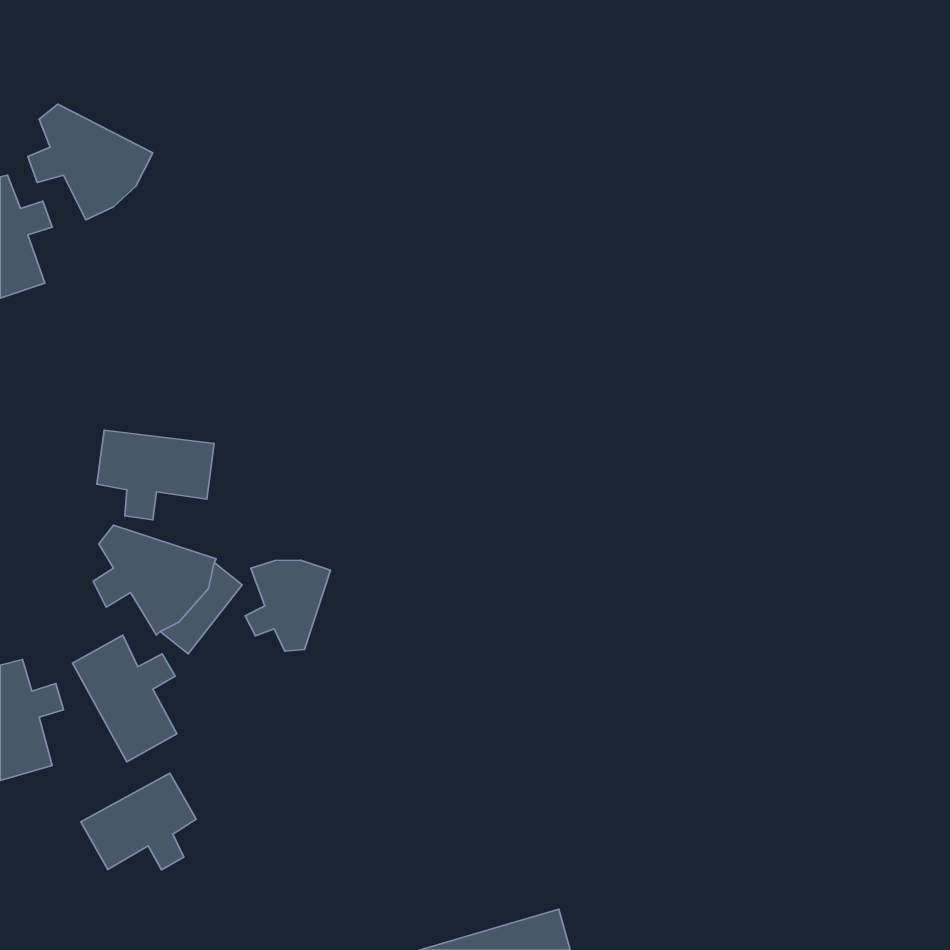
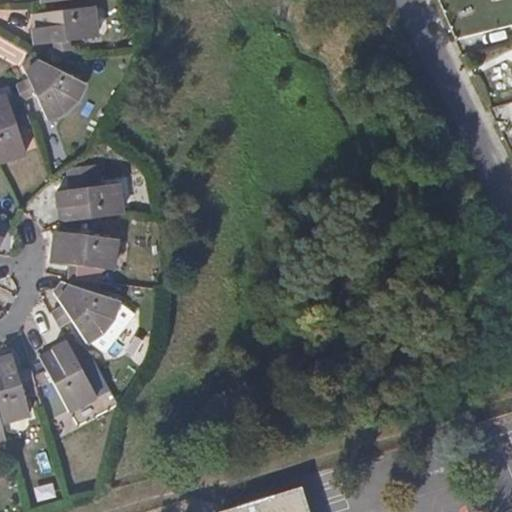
building: none -> [34,6,97,55]
building: none -> [57,172,121,221]
building: [245,560,331,651] -> none
building: [81,773,196,870] -> none

